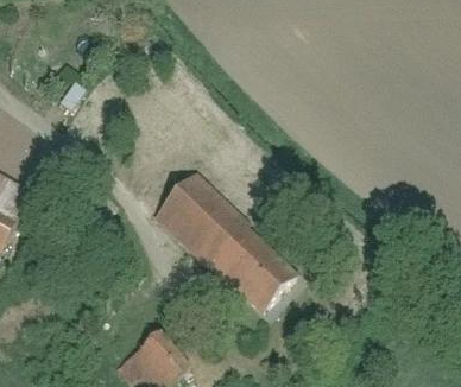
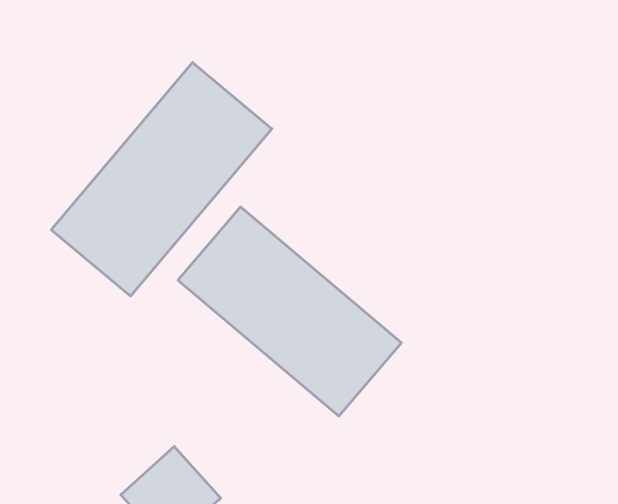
building: none -> [51,62,272,296]

